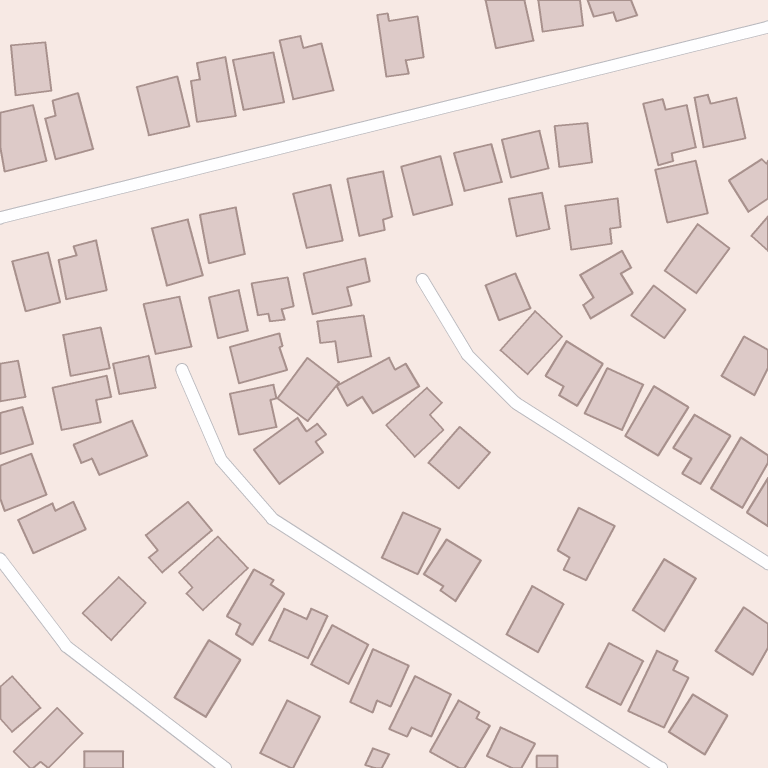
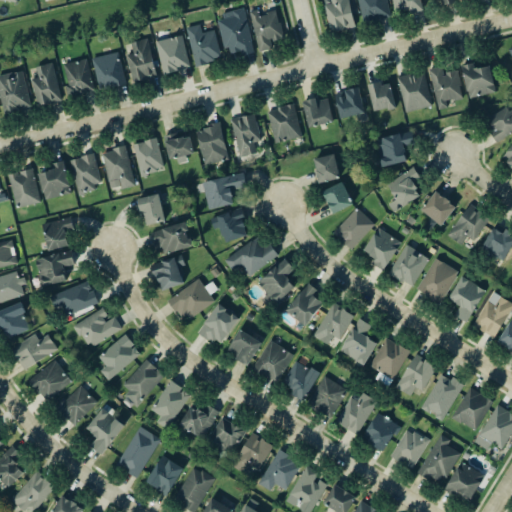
building: none -> [218,7,253,55]
building: [11,42,51,95] -> [65,60,92,95]
building: [655,161,708,222] -> [397,71,432,112]
building: [509,193,550,236] -> [313,154,340,183]
building: [665,224,729,293] -> [447,203,490,249]
building: [252,278,294,321] -> [165,134,193,163]
building: [144,297,192,354] -> [69,154,101,192]
building: [113,356,155,394] -> none
building: [278,358,339,421] -> [198,303,239,345]
building: none -> [313,303,353,344]
building: none -> [75,307,121,348]
building: none -> [340,318,378,364]
building: none -> [227,330,261,364]
building: none -> [395,353,436,395]
building: none -> [29,360,72,402]
building: none -> [306,375,348,418]
building: none -> [451,387,493,431]
building: none -> [86,407,125,454]
building: none -> [362,412,400,451]
building: none -> [146,454,184,494]

